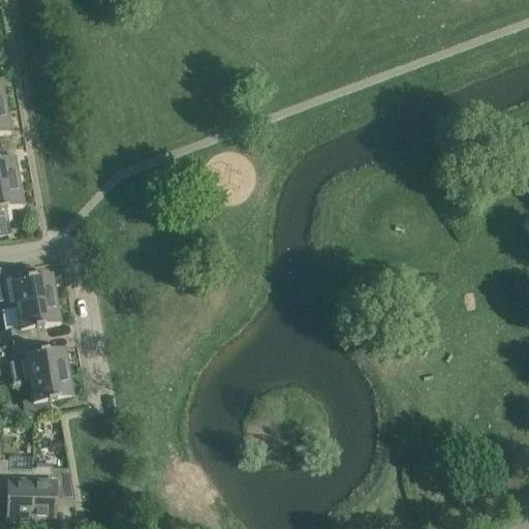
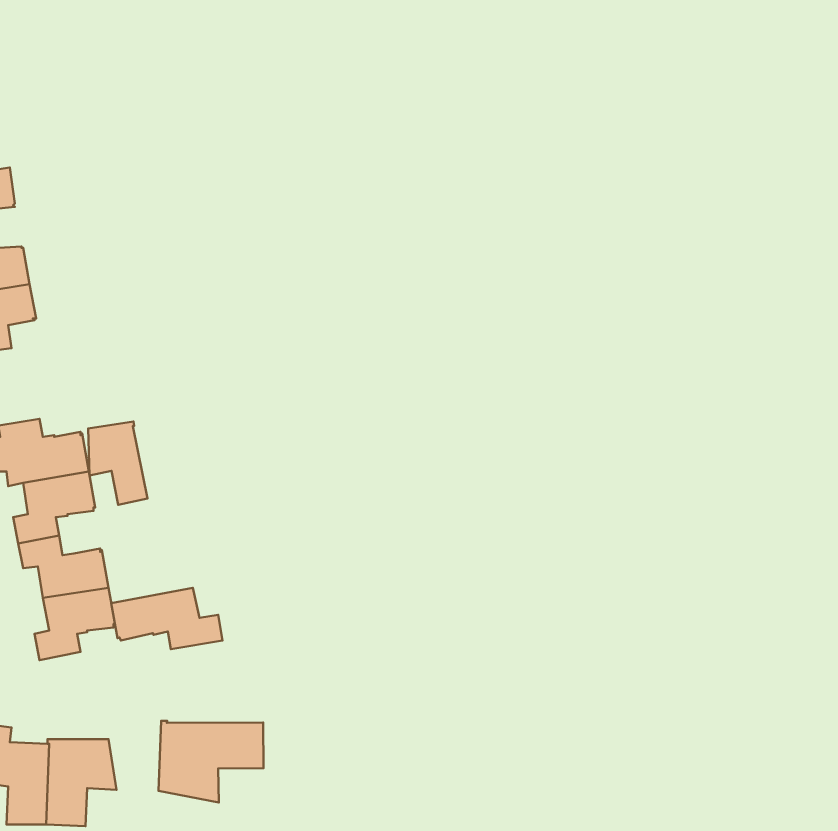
building: none -> [88,421,147,505]
building: none -> [111,588,222,649]
building: none -> [158,721,263,803]

